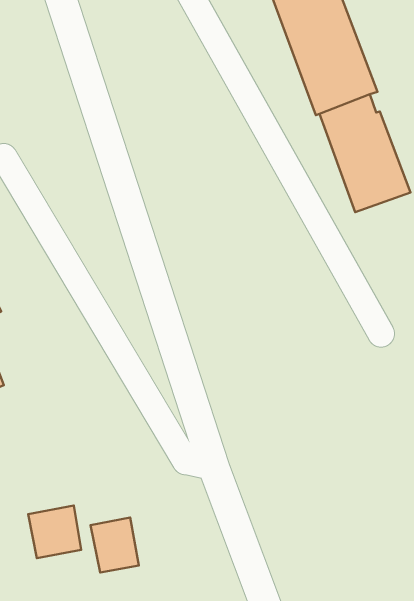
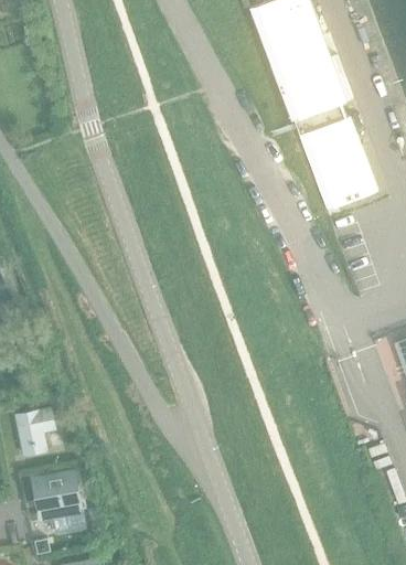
building: none -> [15,407,55,447]
building: [90,518,139,573] -> none

